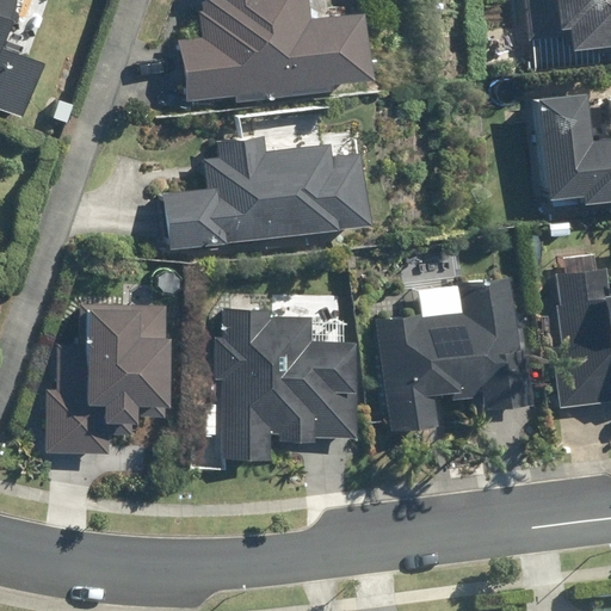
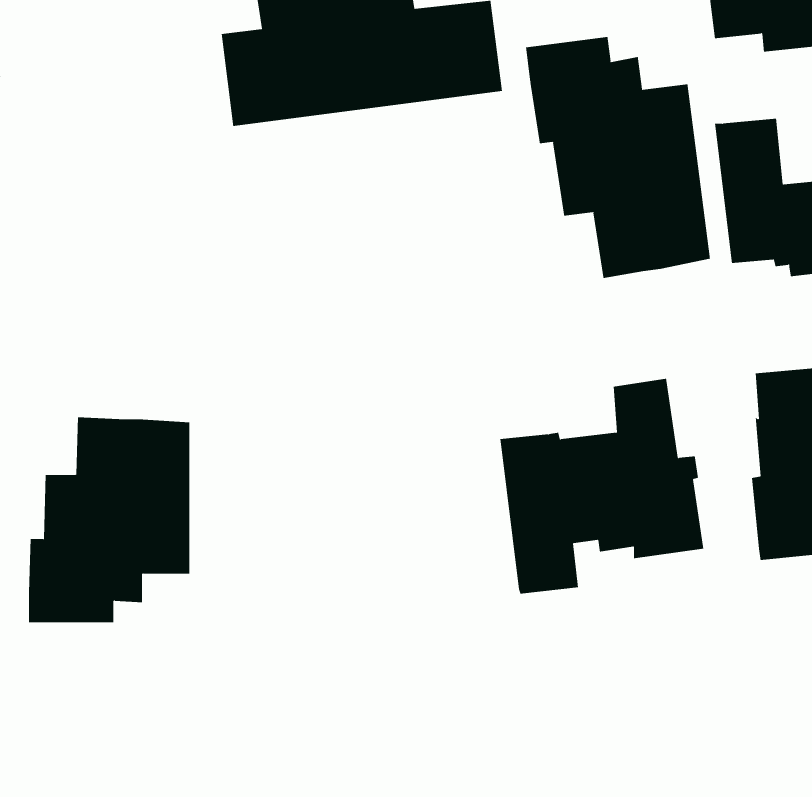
building: none -> [525,36,711,279]
building: [169,115,379,247] -> none
building: [216,310,356,459] -> none

